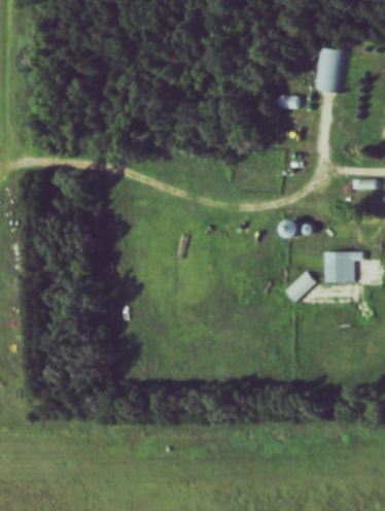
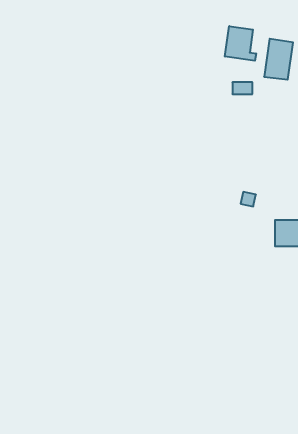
building: none -> [225,26,256,61]
building: [285,271,317,301] -> none

